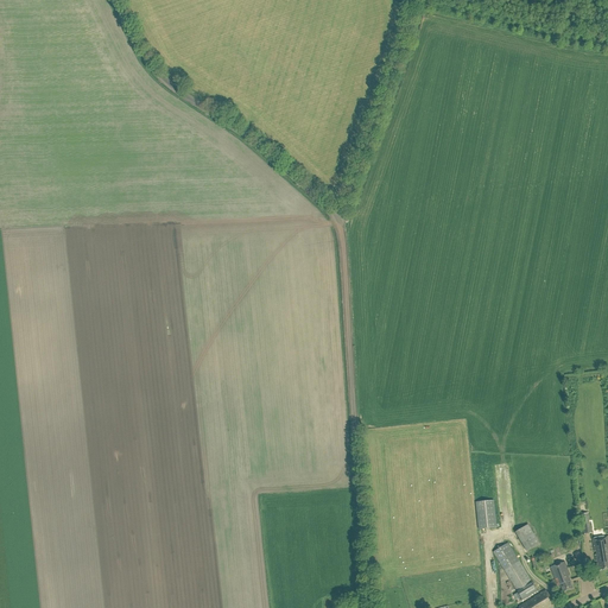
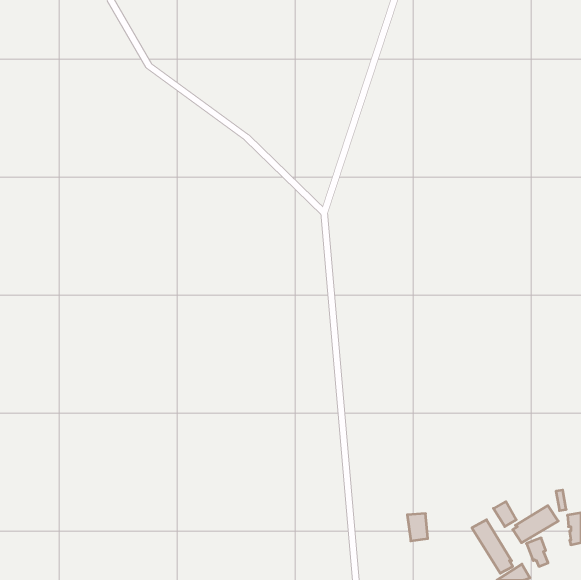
building: [475,500,496,528] -> [407,514,428,541]
building: none -> [513,506,558,543]

